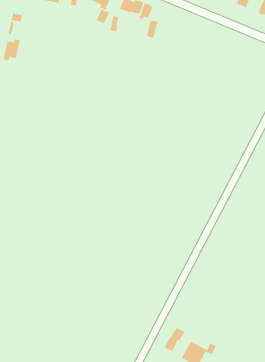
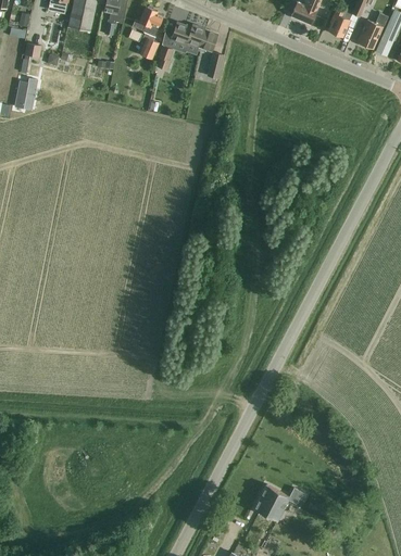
building: [163,327,186,352] -> none

